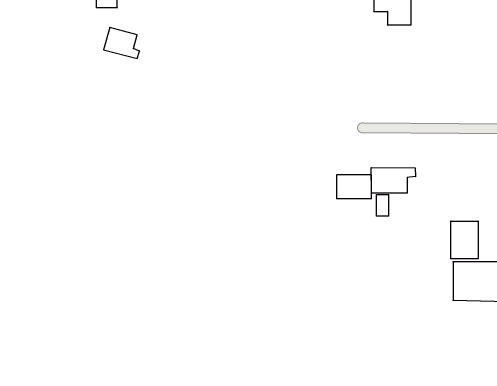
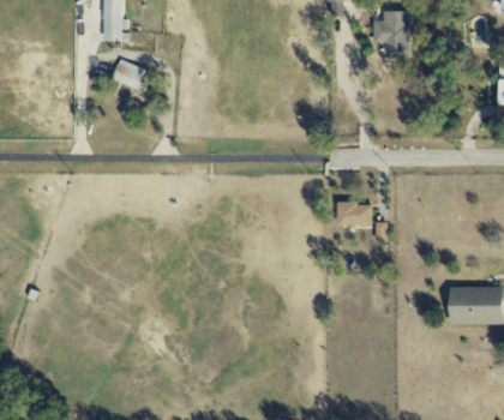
building: [371,168,416,193] -> none
building: [451,221,478,259] -> none

